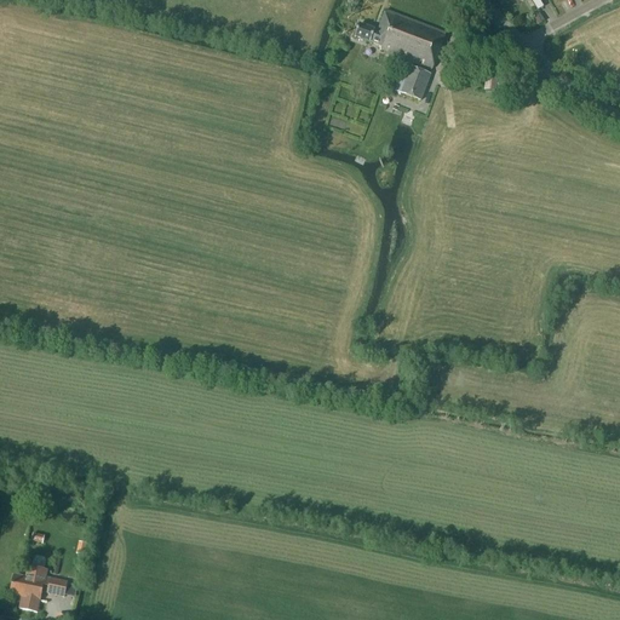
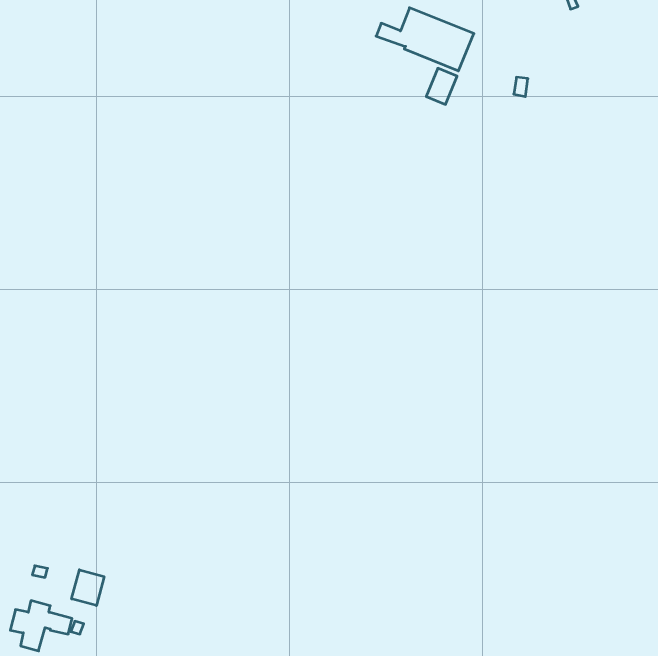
building: none -> [72,570,104,606]

